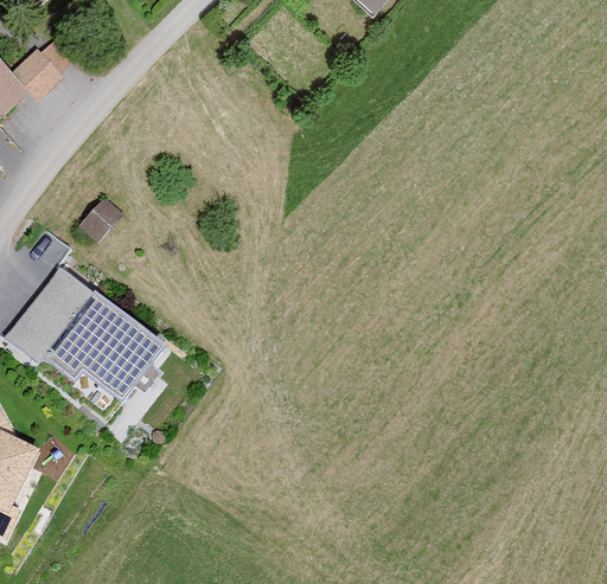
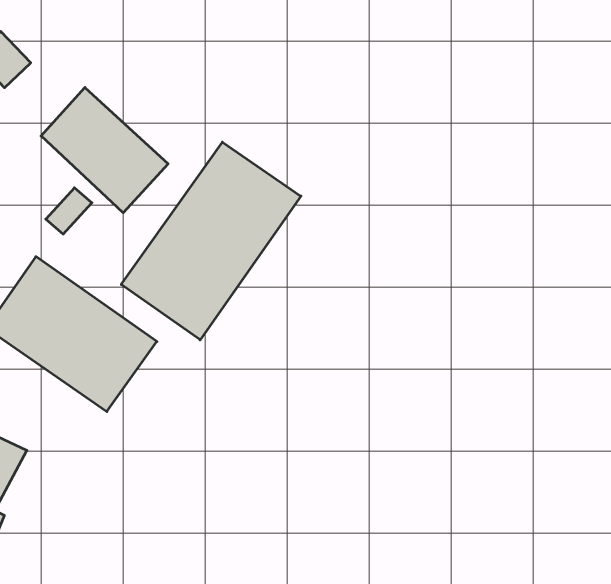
building: none -> [41,87,168,213]
building: none -> [121,142,301,340]

